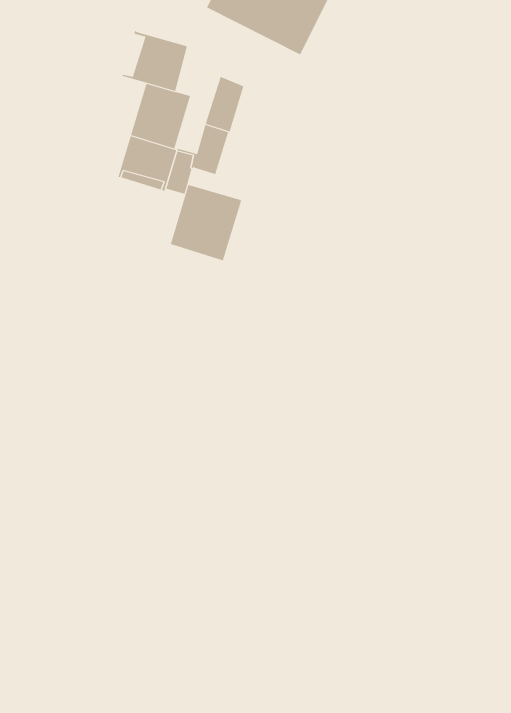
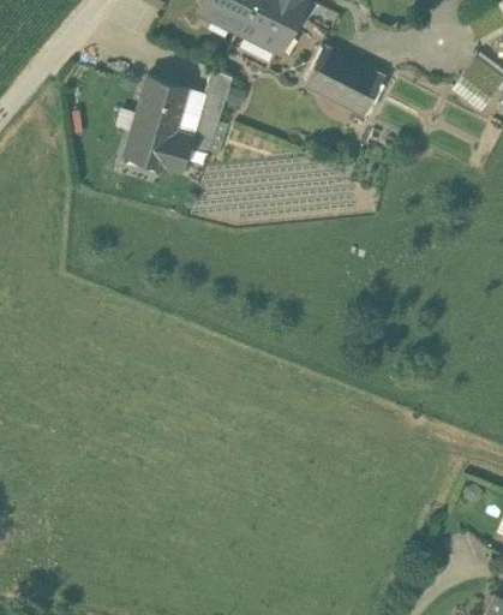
building: [121,30,190,92] -> none
building: none -> [309,48,382,113]
building: [170,184,242,261] -> none

